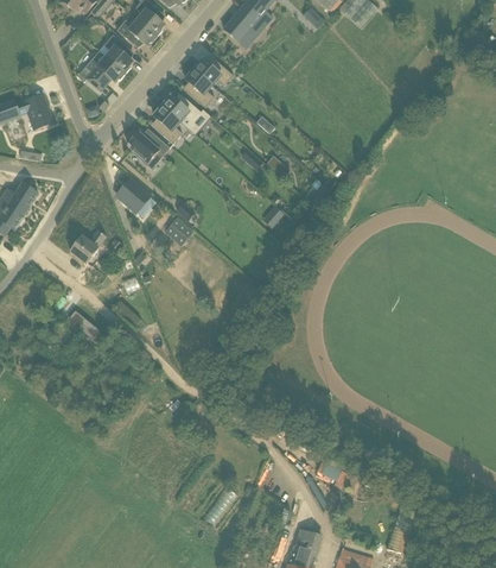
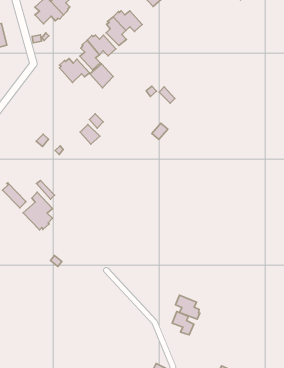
building: [116,179,148,212] -> [90,64,113,88]
building: [70,229,106,263] -> none
building: none -> [23,192,53,230]
building: none -> [176,295,200,319]

